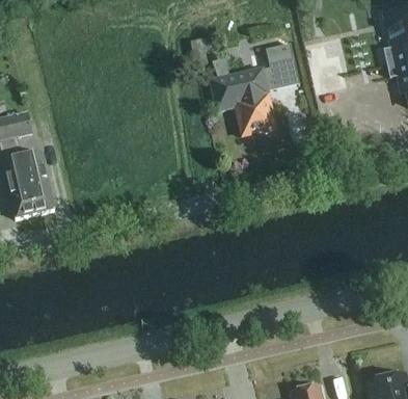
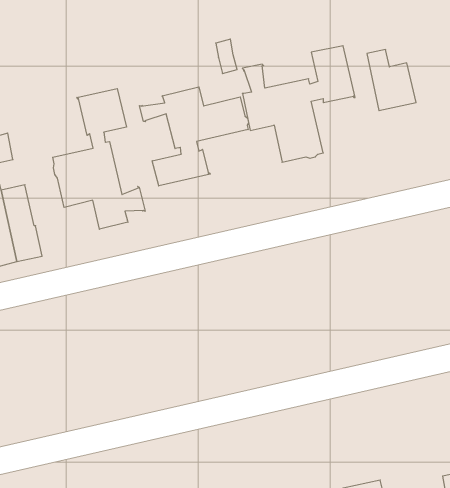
building: none -> [139,87,249,186]
building: none -> [53,89,145,229]

